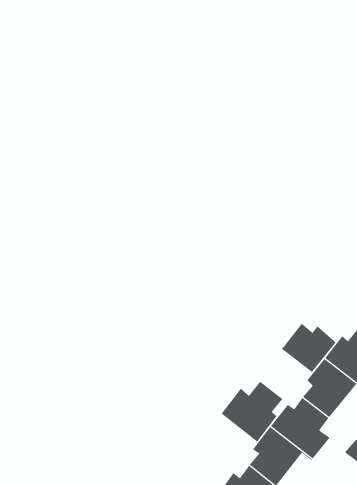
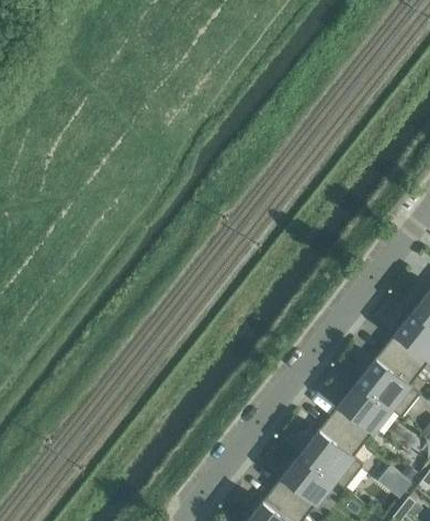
building: [281,323,337,373] -> none
building: [221,381,283,442] -> none

